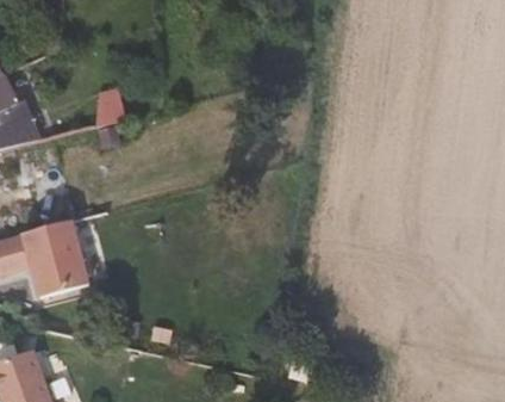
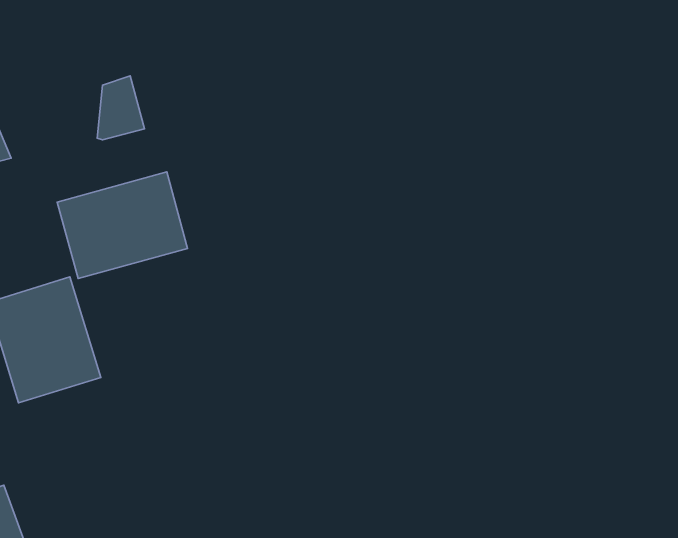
building: none -> [57,172,188,279]

